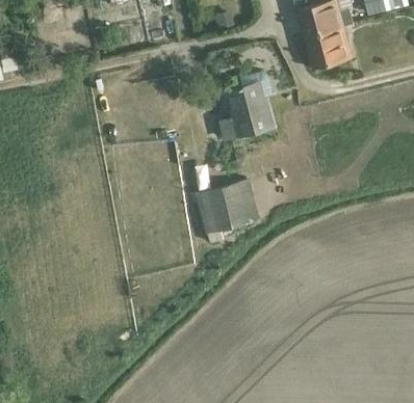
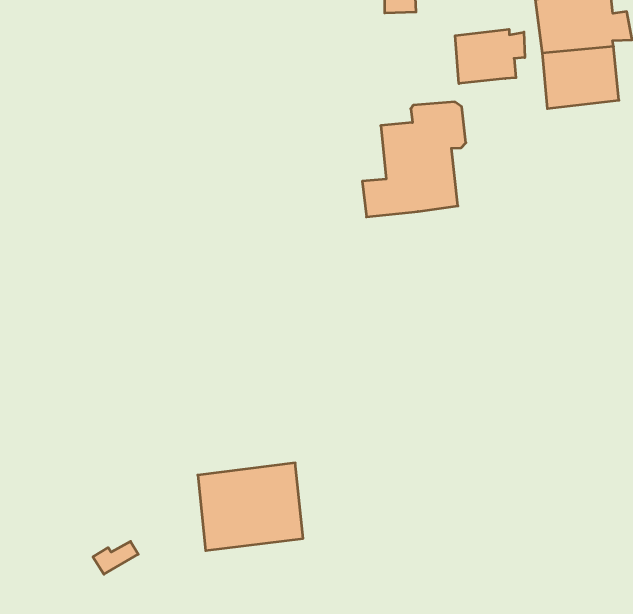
building: none -> [455,29,525,84]
building: [198,179,259,233] -> [198,463,303,551]

